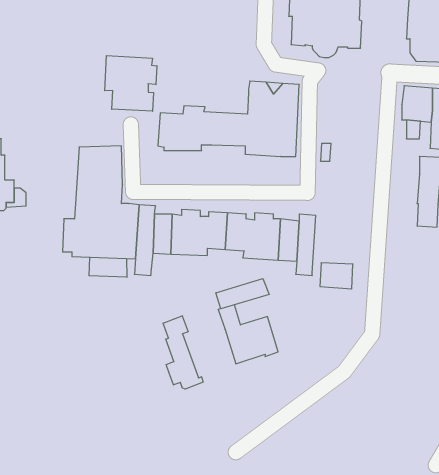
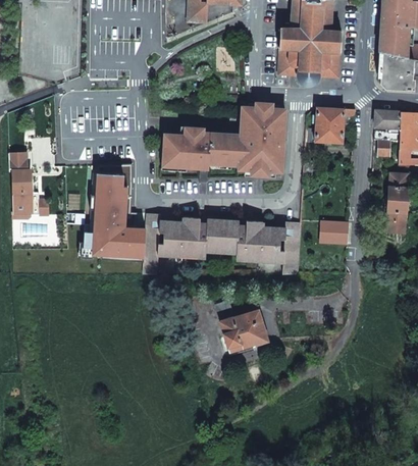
building: [105,56,157,111] -> none
building: none -> [307,107,344,144]
building: [89,257,127,277] -> none
building: [320,263,353,289] -> [320,221,349,244]
building: [216,279,269,309] -> none
building: [163,316,203,389] -> none

